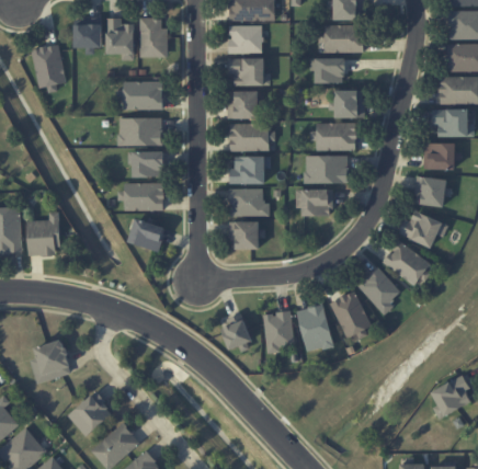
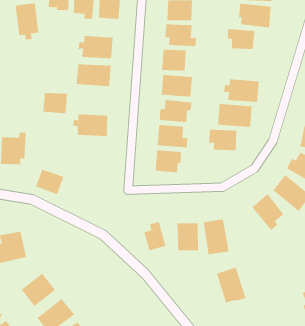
building: [328,90,364,117] -> none
building: [133,150,163,176] -> [43,92,68,114]
building: [128,219,164,251] -> [35,169,64,195]
building: [330,290,372,339] -> [216,267,246,303]

